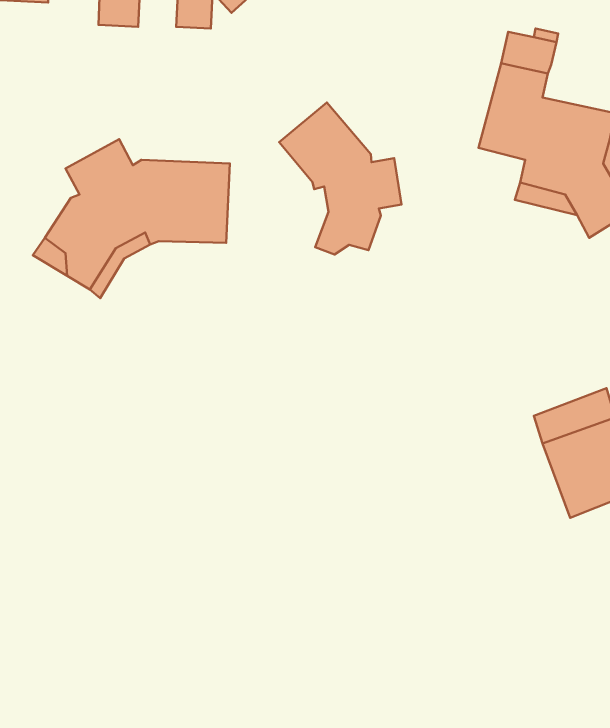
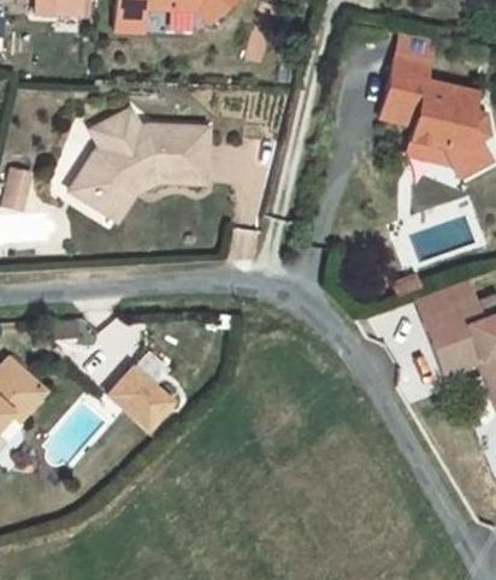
building: [279,102,401,254] -> none
building: none -> [108,367,171,428]

